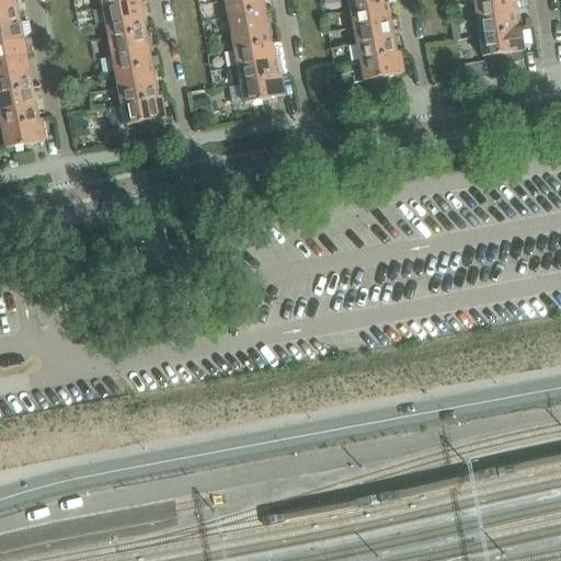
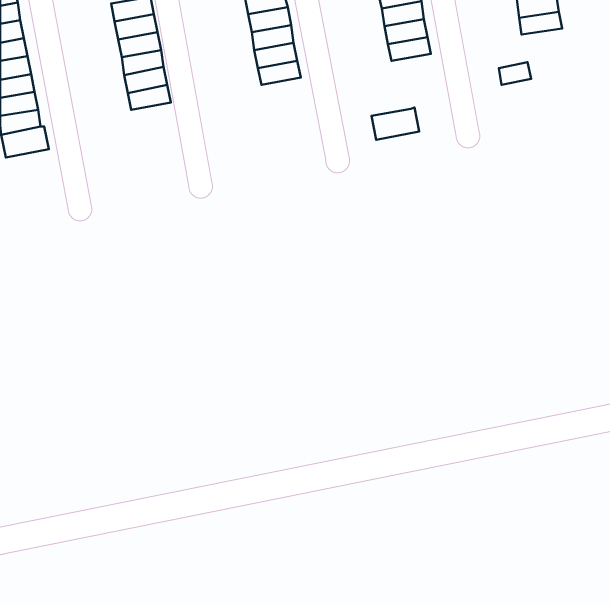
building: [479,26,523,59] -> none
building: [359,48,403,78] -> [371,108,419,140]
building: [240,71,284,100] -> none
building: [121,93,164,123] -> none

